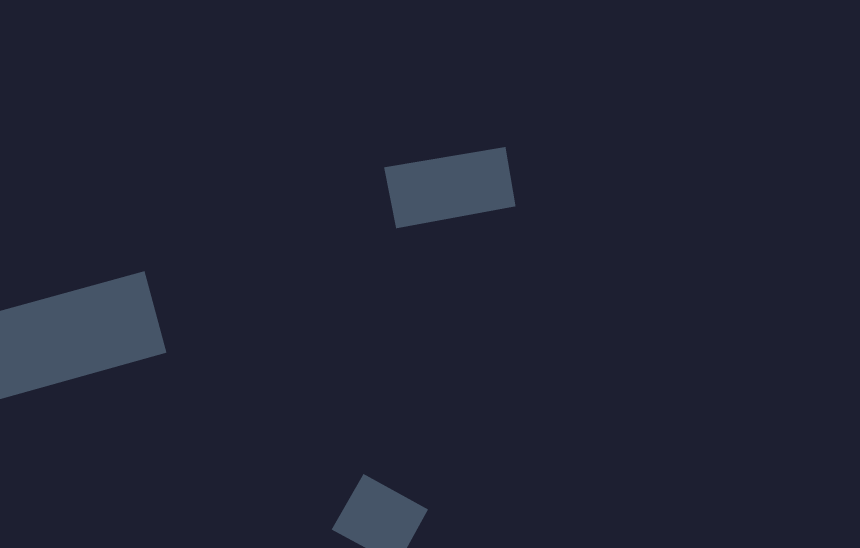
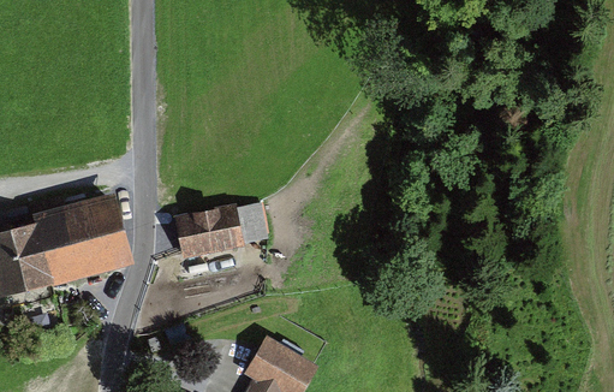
building: [383,146,517,229] -> [178,203,270,261]

